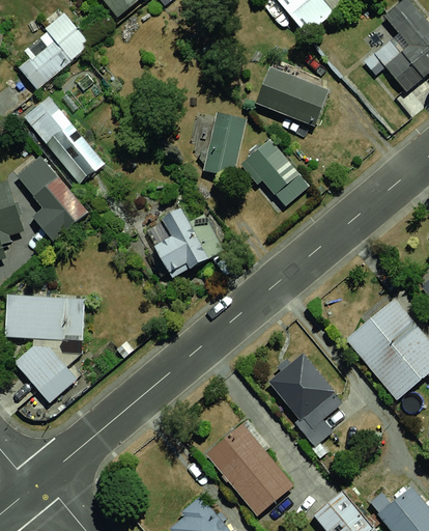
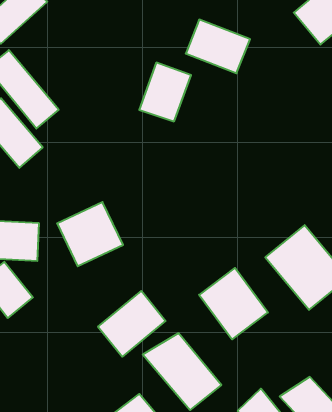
building: [249,140,298,192] -> none
building: [147,206,224,281] -> [57,202,123,266]
building: none -> [98,291,166,357]

